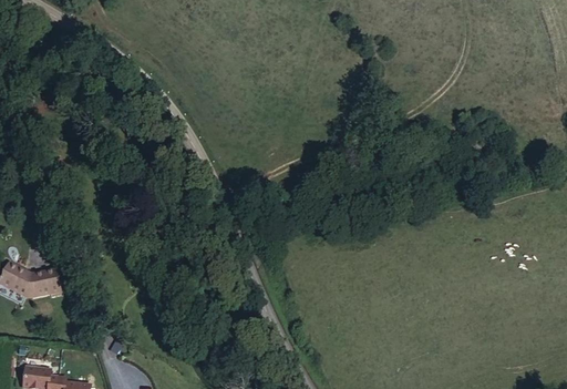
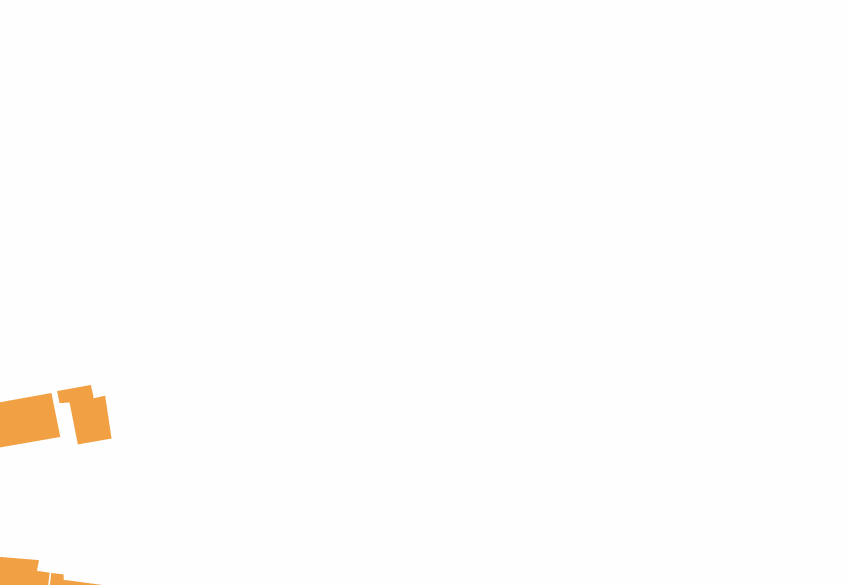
building: none -> [56,384,112,445]

